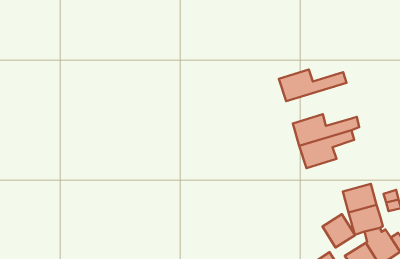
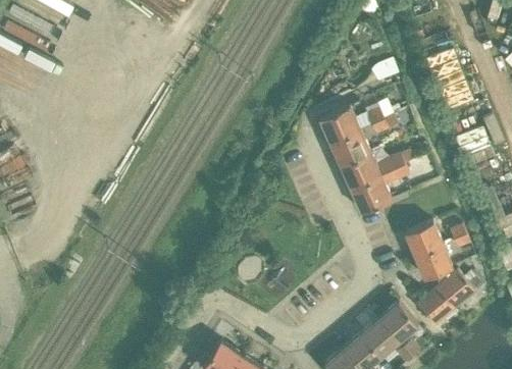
building: none -> [329,114,398,166]
building: [322,214,355,248] -> none

